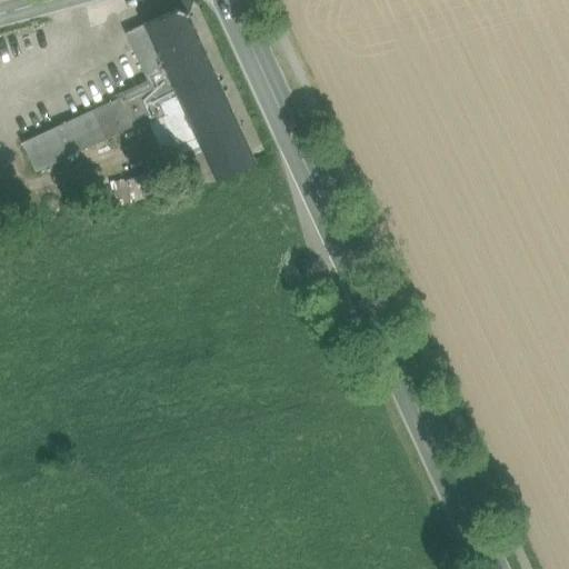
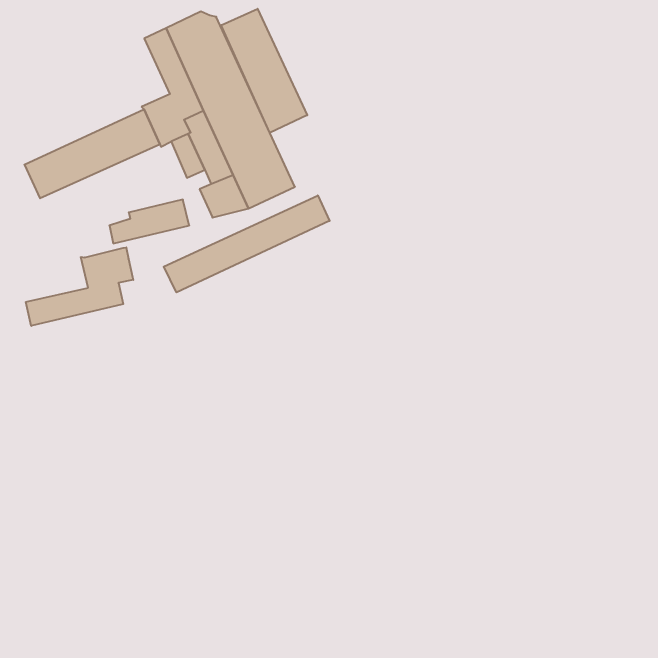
building: none -> [221,9,307,133]
building: none -> [164,195,330,292]
building: none -> [26,247,133,326]

